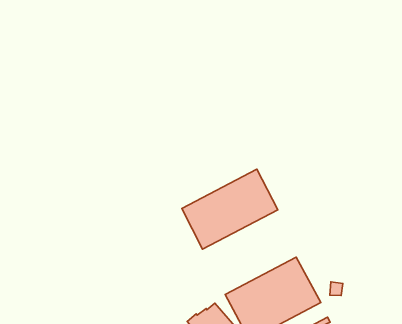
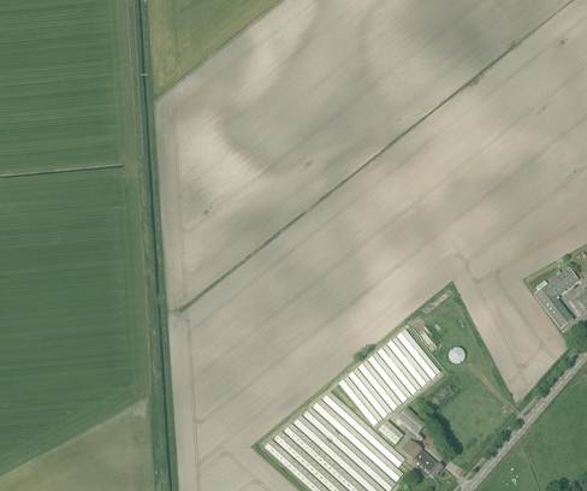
building: [182,169,278,249] -> none

